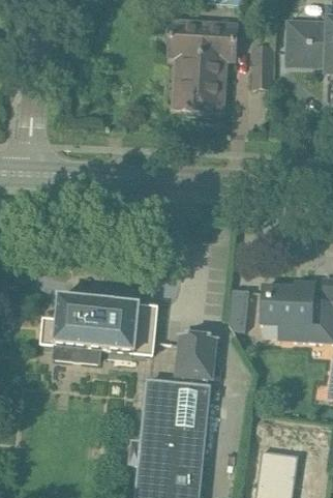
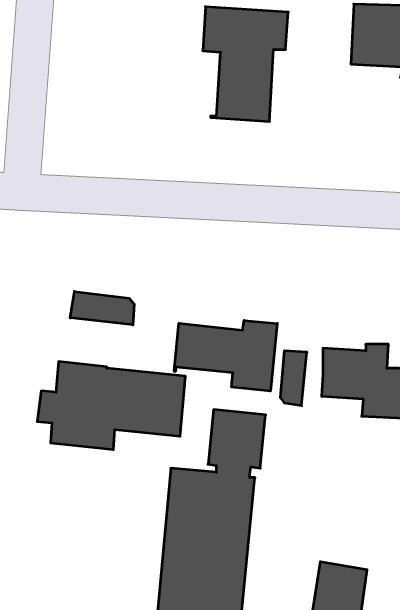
building: [252,46,271,88] -> none
building: none -> [70,291,134,325]
building: none -> [174,320,277,391]

